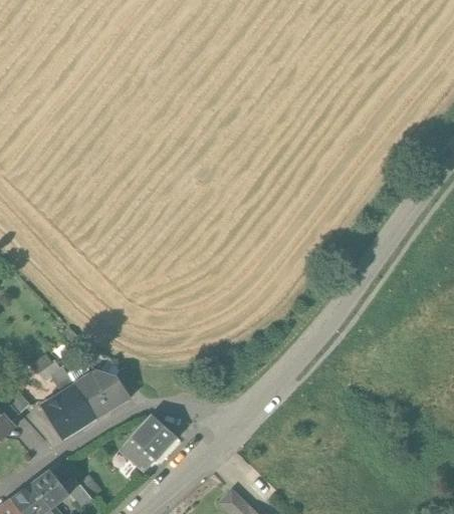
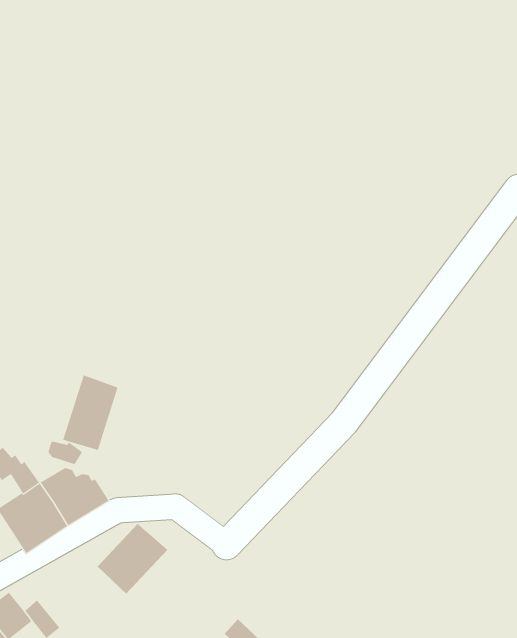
building: none -> [63,374,118,451]

